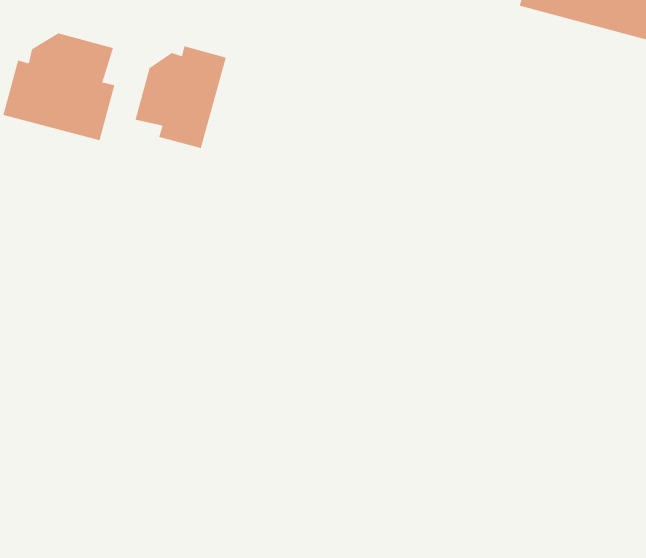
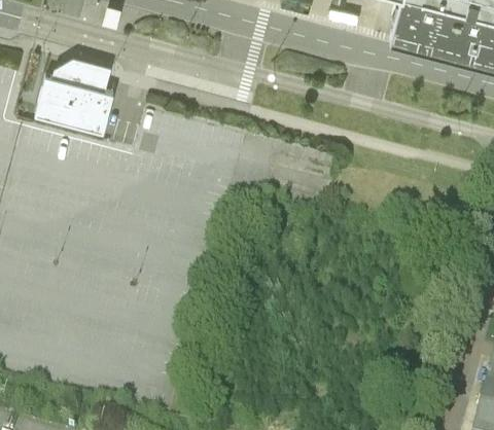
building: [135,46,227,149] -> none

